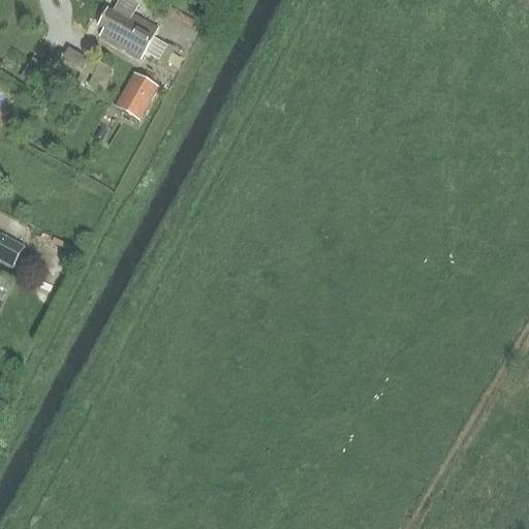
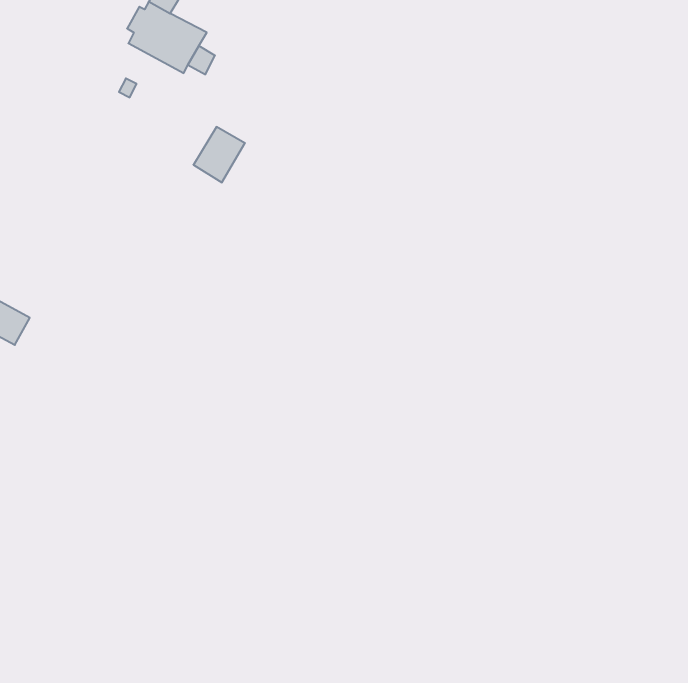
building: [116,76,155,119] -> [193,127,245,182]

